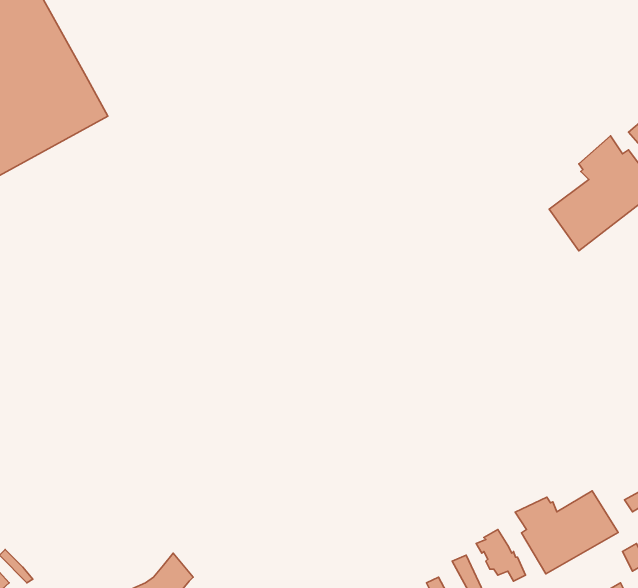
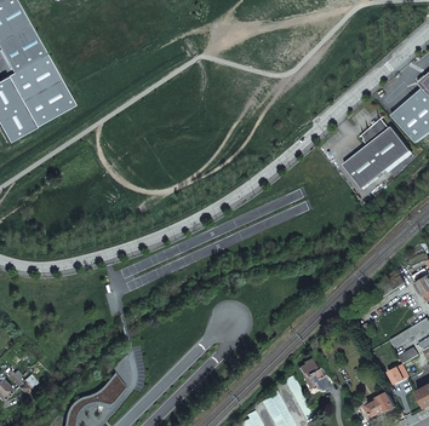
building: [515,491,618,574] -> none

